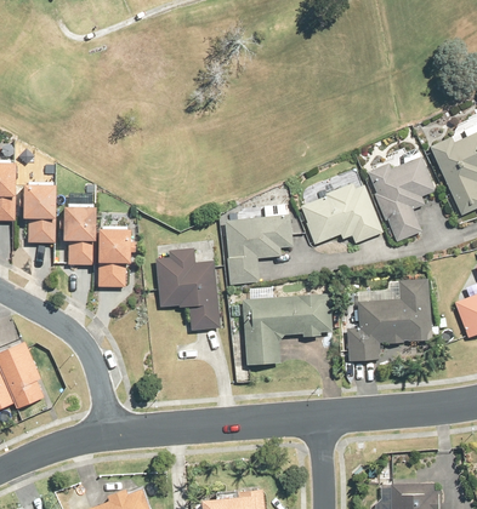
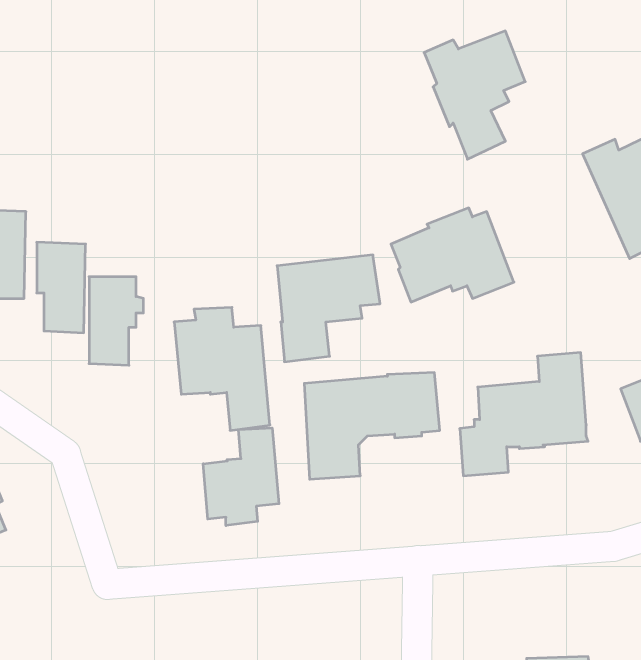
building: [368,156,436,242] -> [424,31,525,159]
building: none -> [203,428,279,526]

